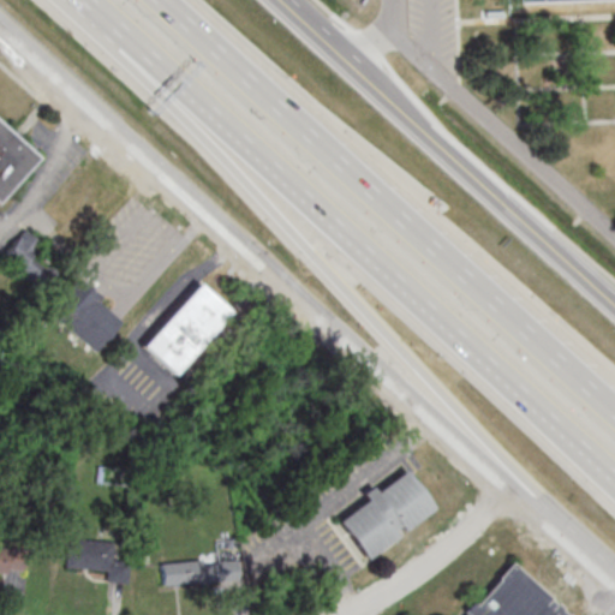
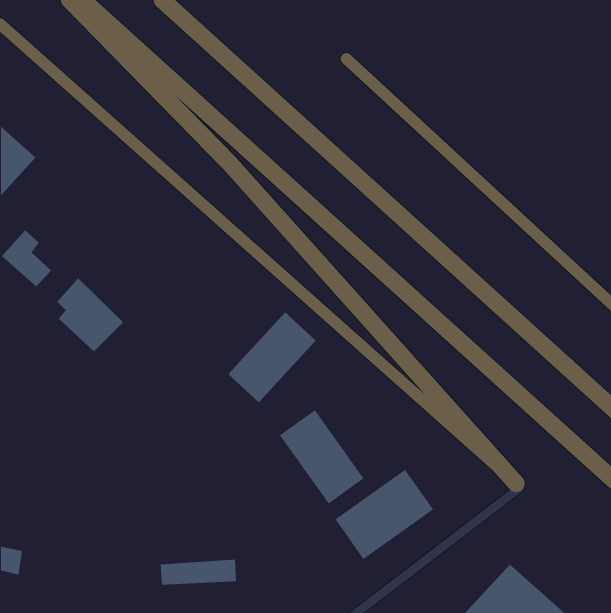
building: [142,285,231,376] -> [227,312,316,403]
building: none -> [279,409,365,505]
building: [68,539,133,584] -> none

